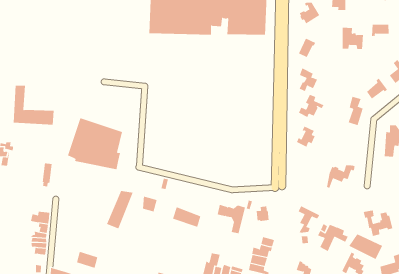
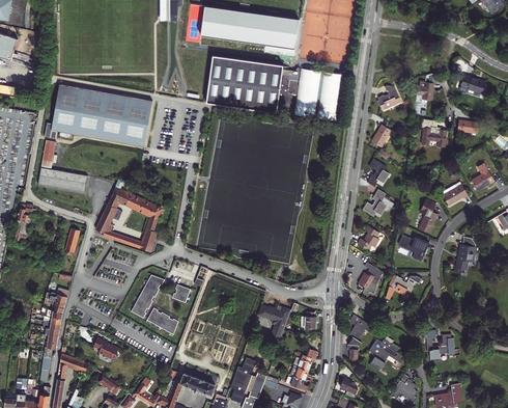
building: none -> [44,83,152,145]
building: none -> [399,235,429,262]
building: none -> [358,262,383,292]
building: [172,206,201,228] -> [146,306,179,333]
building: [348,233,383,260] -> none

